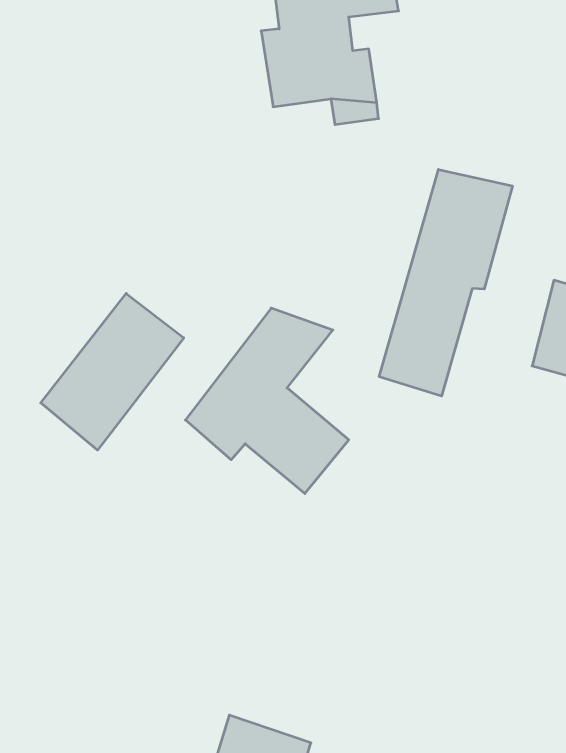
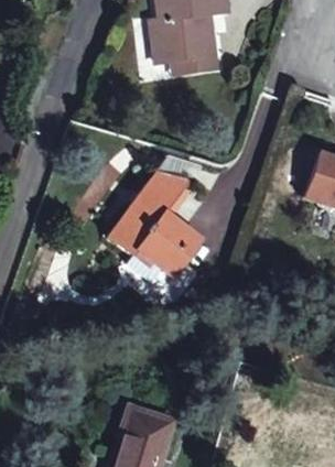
building: [379,169,512,396] -> none
building: [41,293,184,450] -> none

